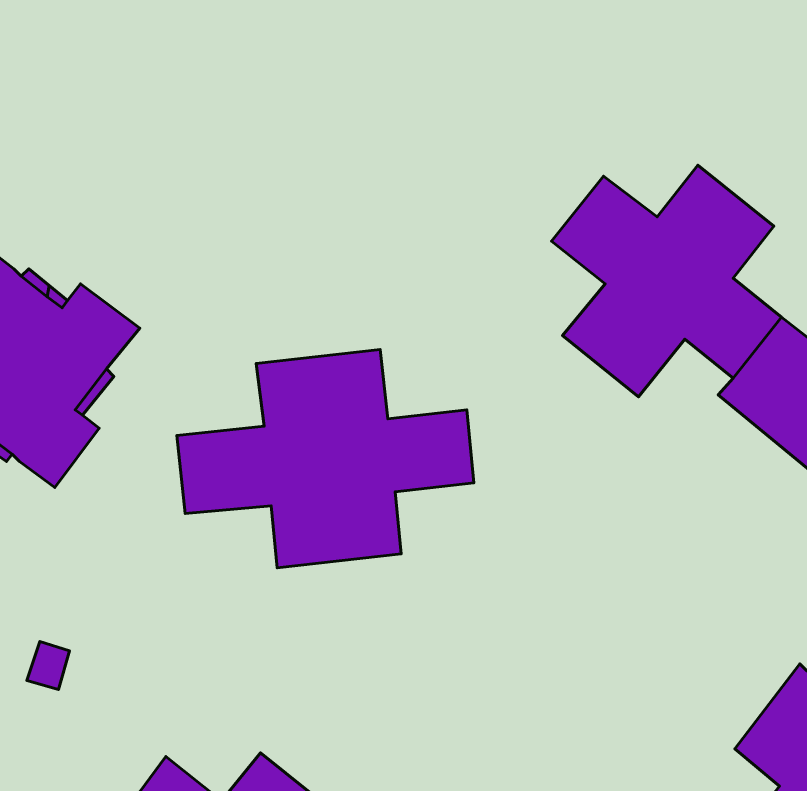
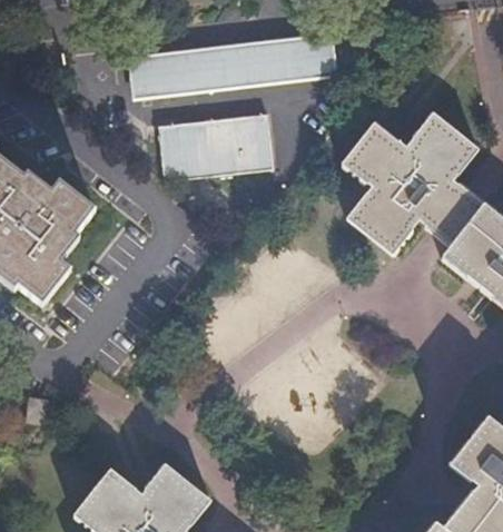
building: none -> [126,32,335,101]
building: none -> [156,114,272,181]
building: [177,349,474,568] -> none

